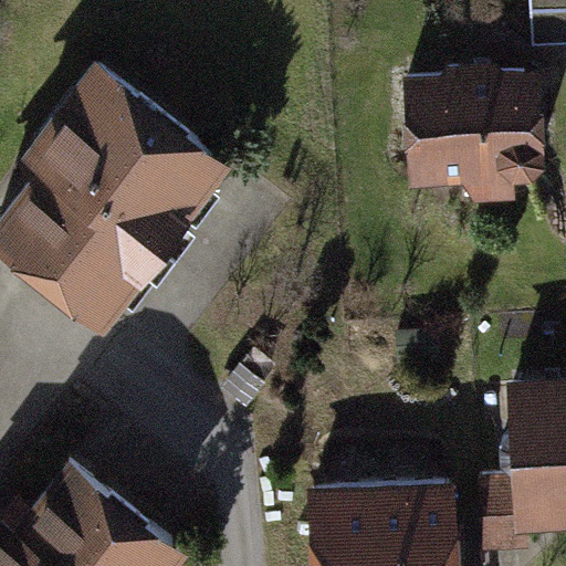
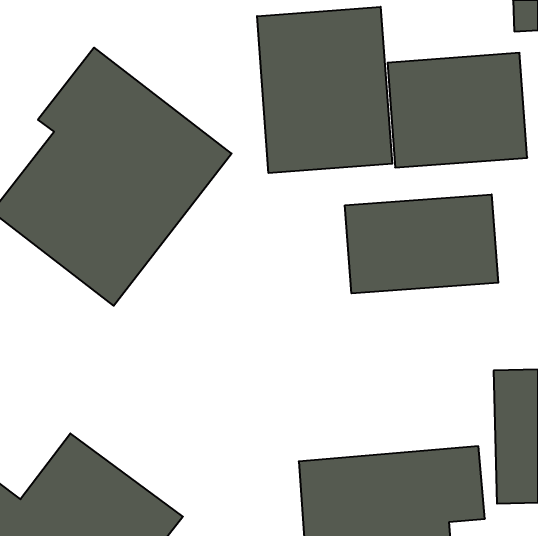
building: none -> [257,7,392,173]
building: none -> [345,194,498,293]

